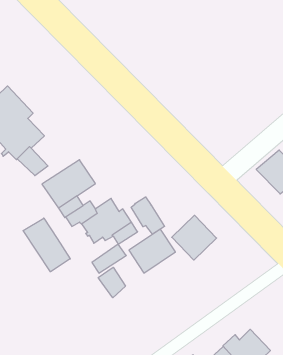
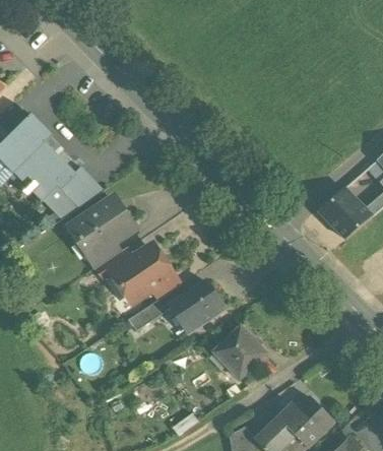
building: none -> [57,166,102,206]
building: [131,197,165,234] -> none
building: [172,215,217,260] -> [214,325,266,377]
building: [23,218,70,272] -> none
building: [98,267,125,298] -> none

